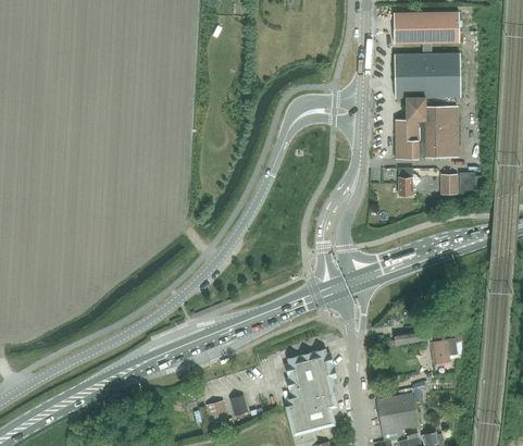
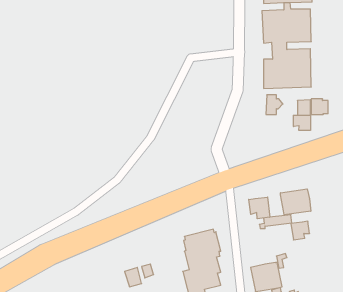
building: none -> [293,115,311,130]
building: none -> [280,189,311,215]
building: none -> [249,197,270,219]

